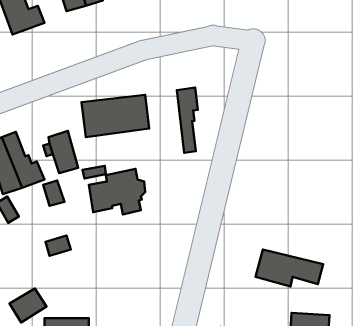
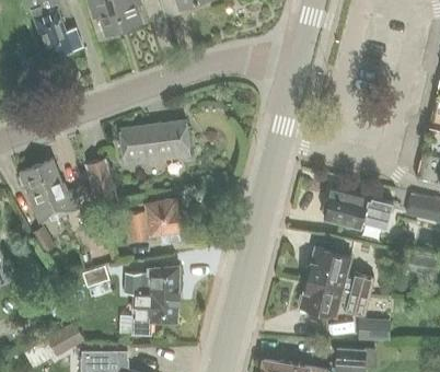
building: [177,88,198,153] -> none
building: none -> [323,188,392,228]
building: none -> [306,246,373,295]
building: none -> [125,266,178,334]
building: none -> [358,317,390,340]

